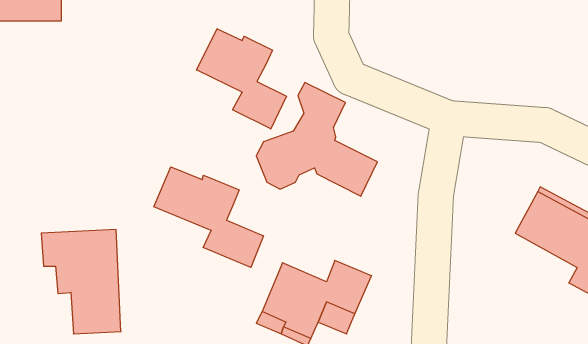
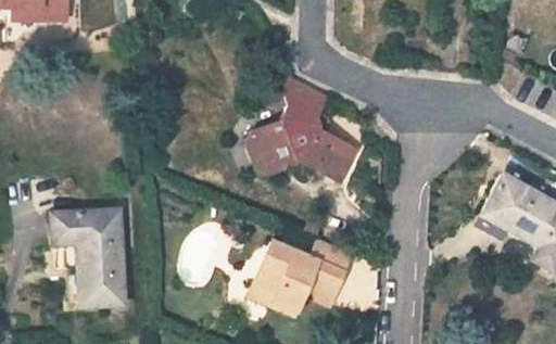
building: [196,29,286,129] -> none
building: [154,167,263,267] -> none

